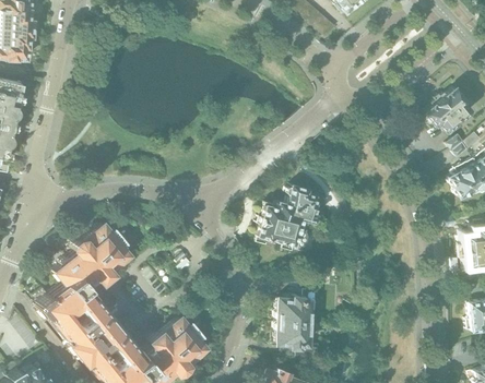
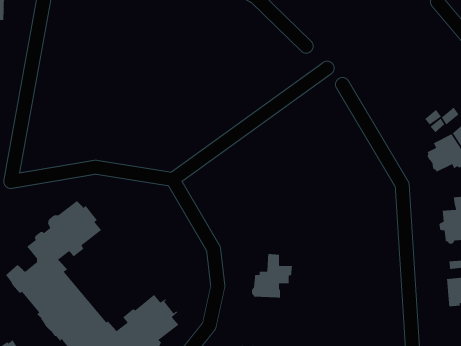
building: [426,87,472,136] -> none
building: [257,183,320,252] -> none
building: [276,321,321,359] -> none

